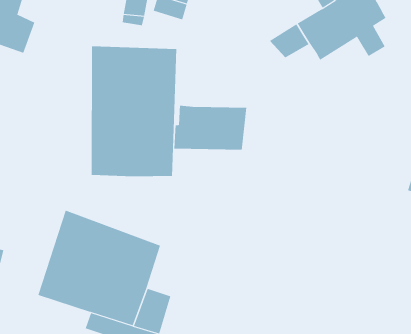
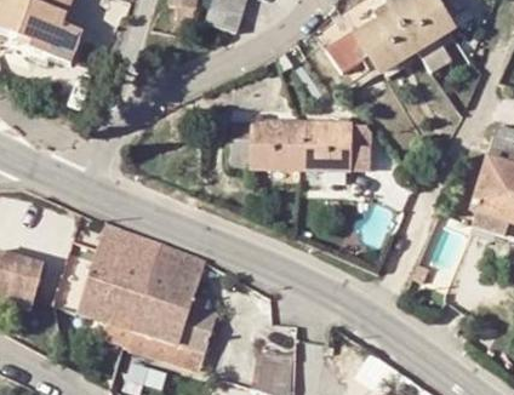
building: [91,45,177,177] -> none
building: none -> [296,116,365,174]

